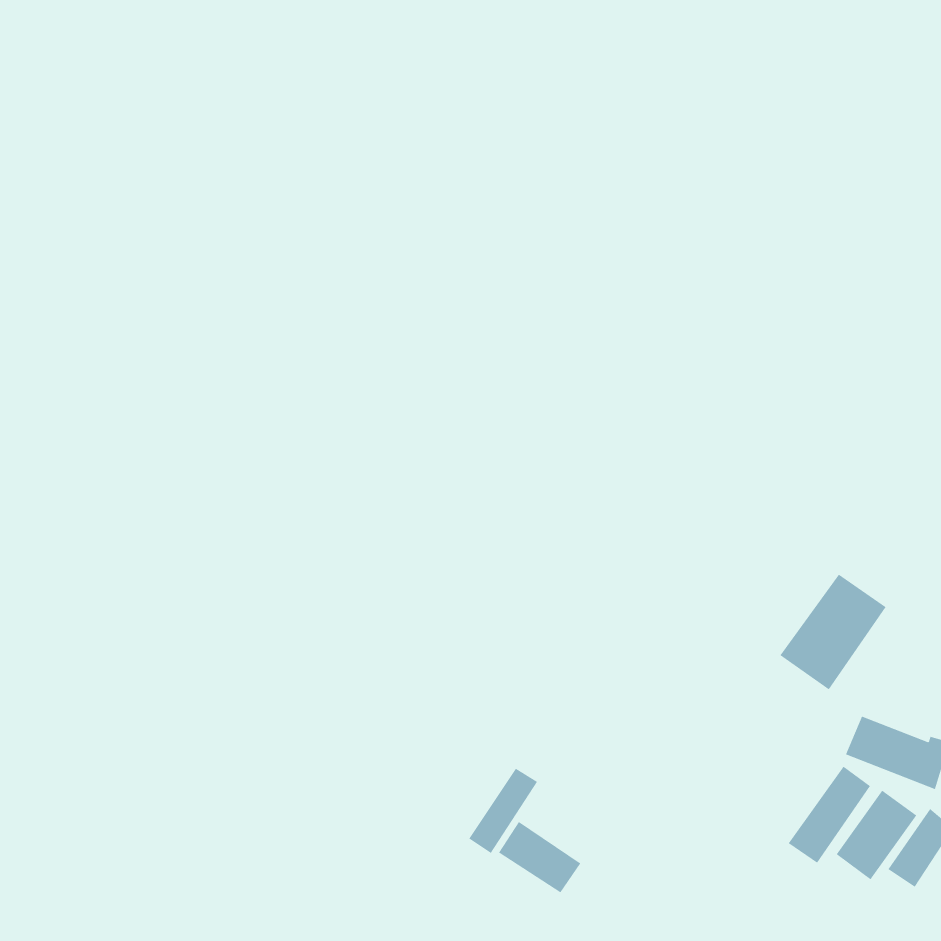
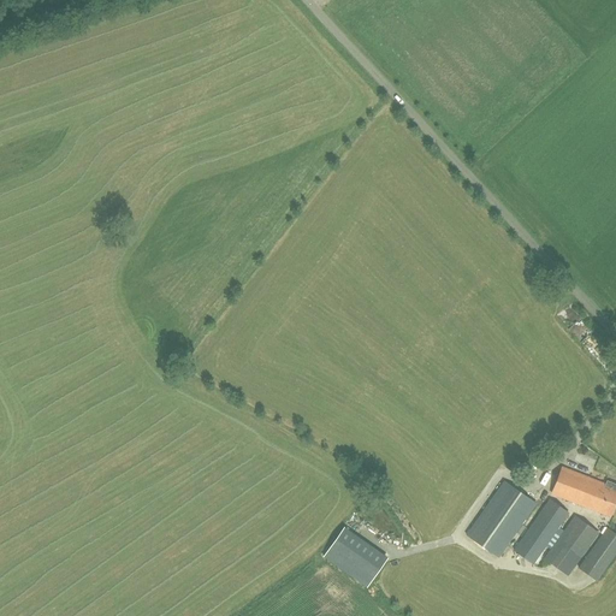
building: [779,574,886,690] -> [467,480,537,556]
building: [469,768,538,854] -> none

